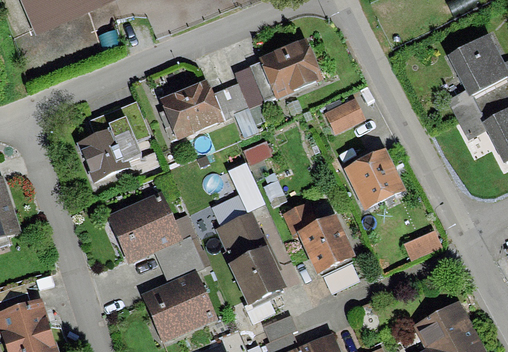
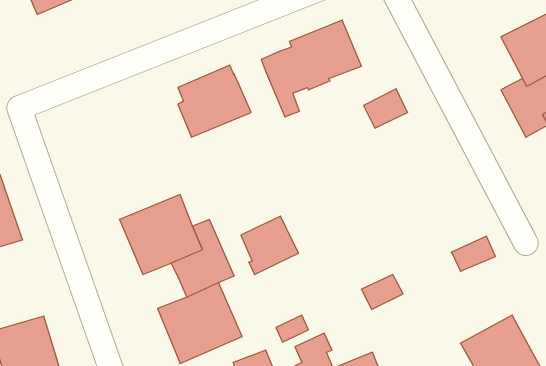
building: [214,84,259,139] -> none
building: [77,100,152,182] -> none
building: [343,147,406,209] -> none
building: [211,163,265,227] -> none
building: [282,202,355,273] -> none
building: [228,245,286,305] -> none

